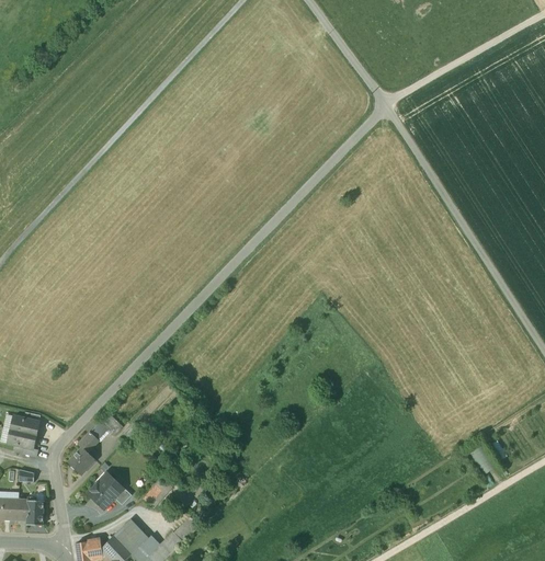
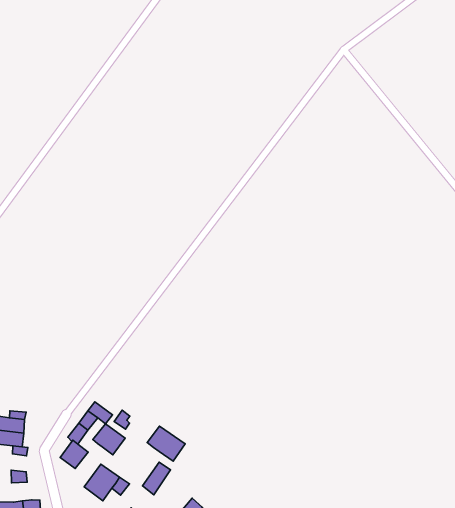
building: none -> [93,424,125,455]
building: none -> [147,426,185,461]

